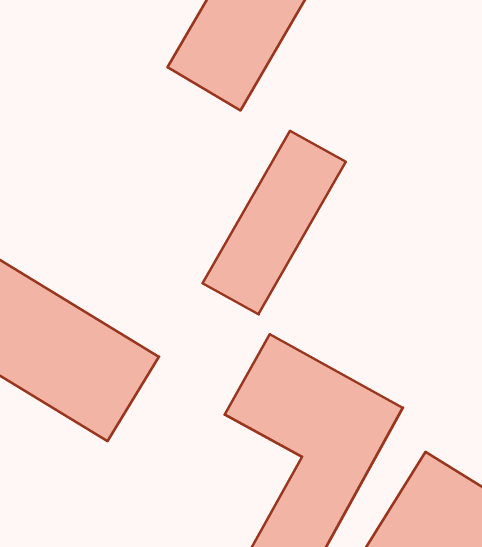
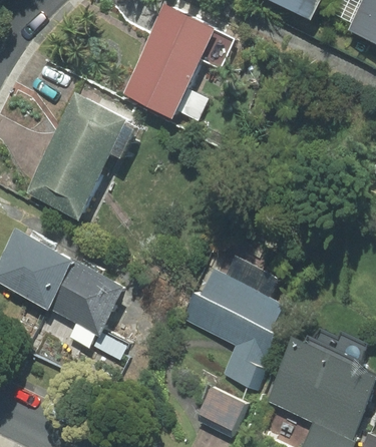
building: none -> [26,89,133,222]
building: [203,131,346,314] -> none

